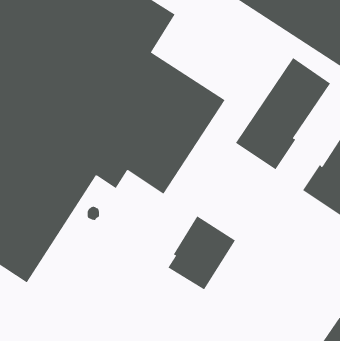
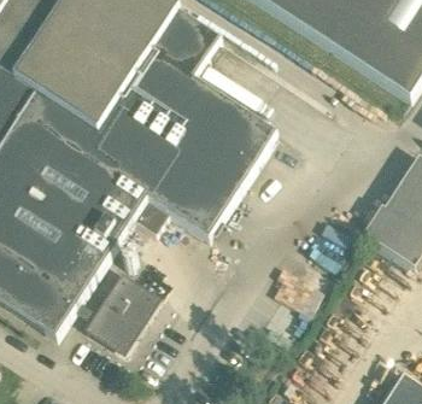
building: [235,57,331,170] -> none
building: [168,215,236,290] -> [86,264,162,347]

